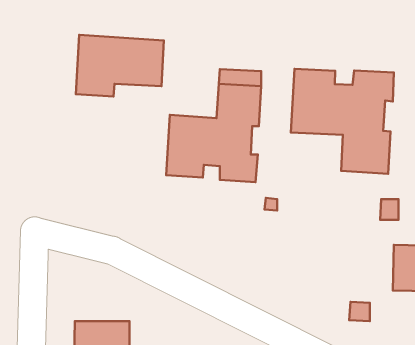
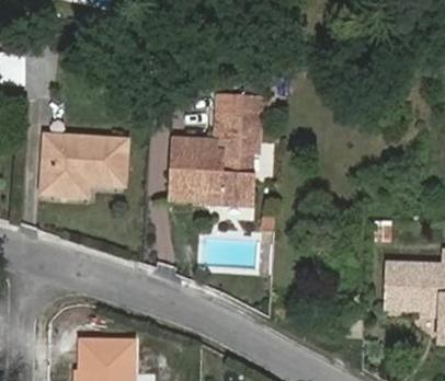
building: [76,35,164,96] -> [42,136,126,195]
building: [291,69,394,174] -> none

